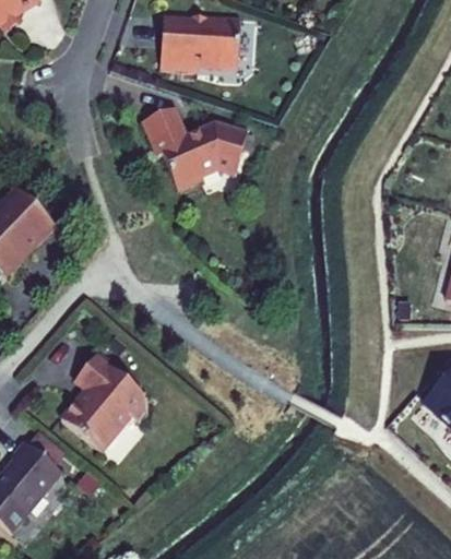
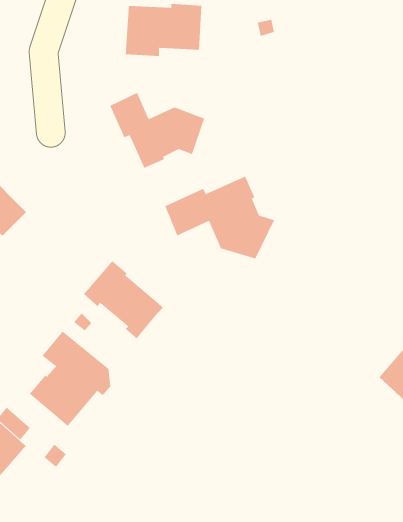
building: none -> [164,175,275,259]
building: none -> [83,260,164,340]

